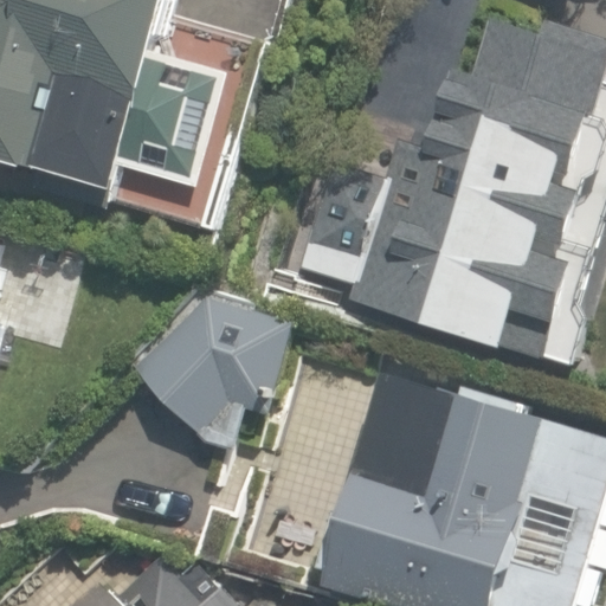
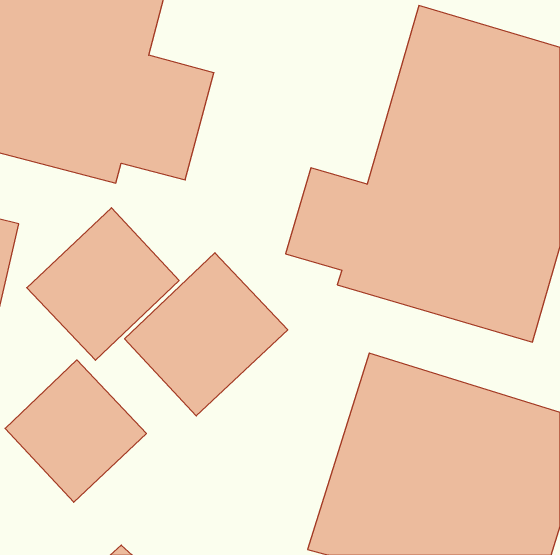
building: none -> [27,208,179,360]
building: none -> [5,360,146,502]

